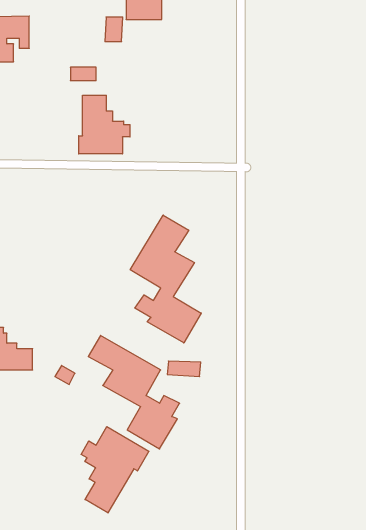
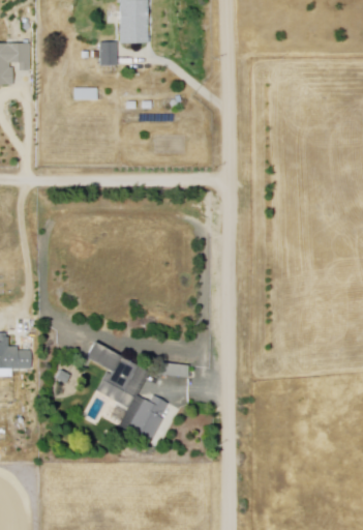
building: [79,95,130,154] -> none
building: [130,215,201,343] -> none
building: [81,427,149,513] -> none

